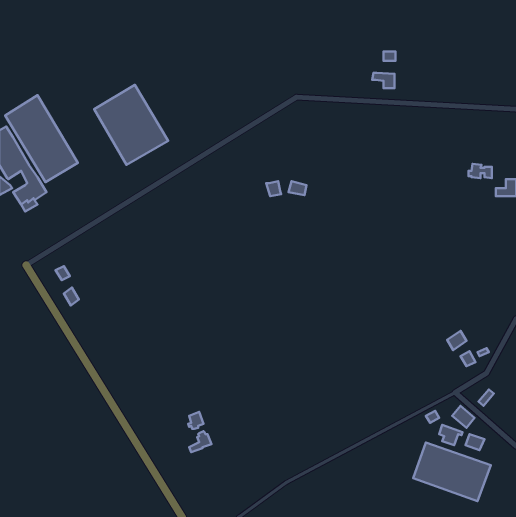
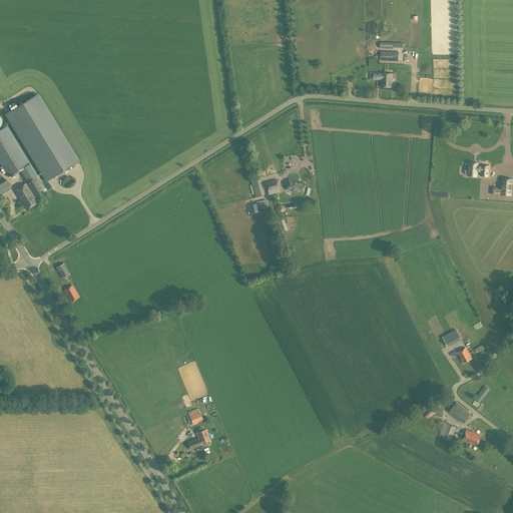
building: [94,85,168,165] -> none
building: [413,442,491,501] -> none

